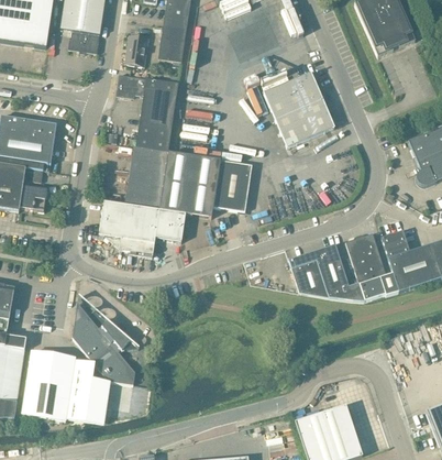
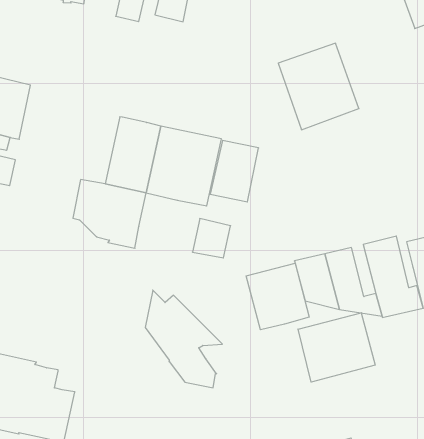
building: [117,73,178,151] -> none
building: [155,208,186,240] -> [192,219,231,258]
building: none -> [246,263,309,330]
building: none -> [298,313,375,382]
building: [73,304,139,383] -> [145,290,222,388]

